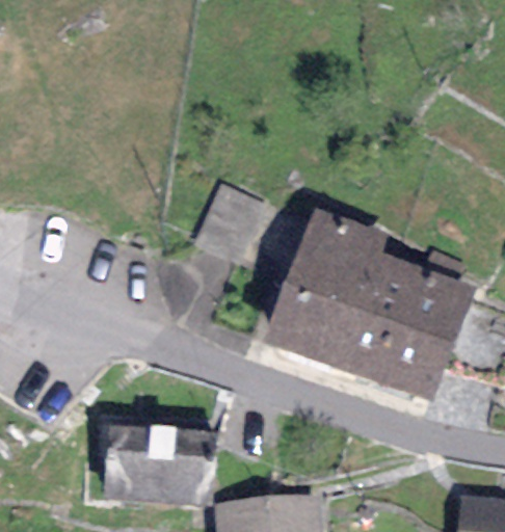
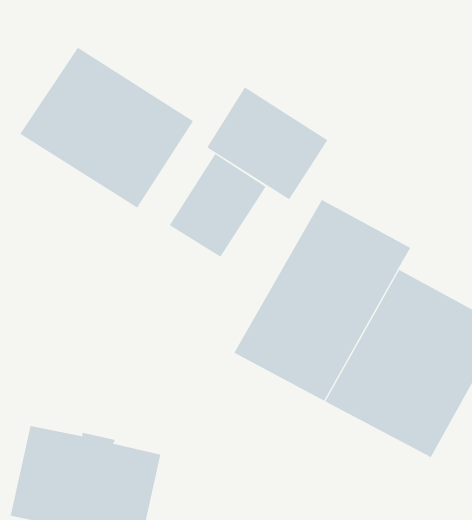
building: none -> [19,47,194,209]
building: none -> [207,87,328,200]

